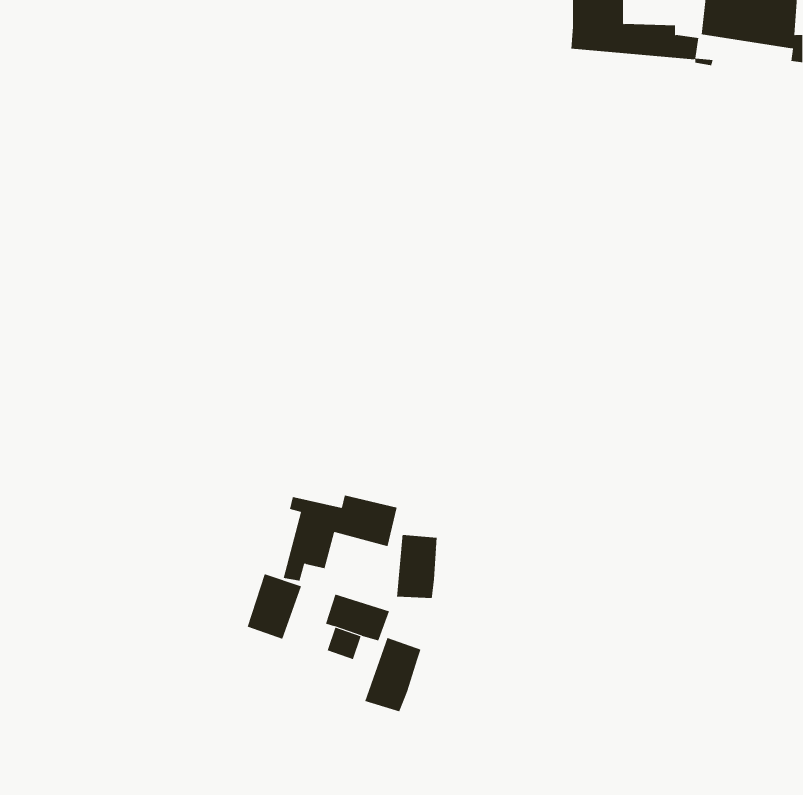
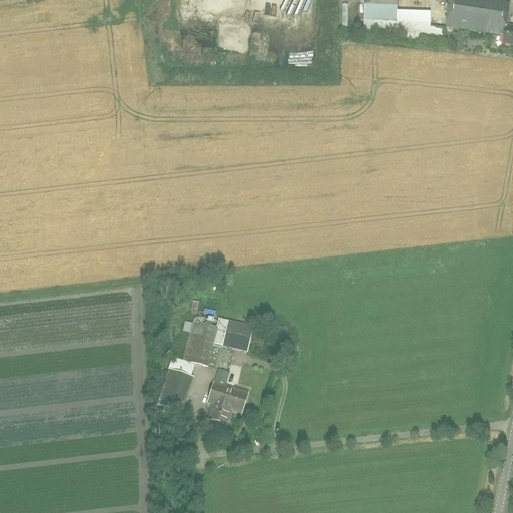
building: [396,534,437,599] -> none
building: [365,637,421,712] -> none

